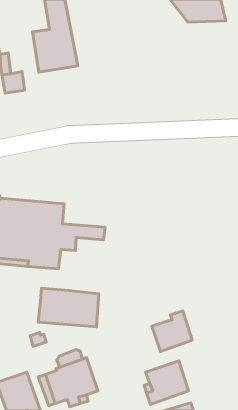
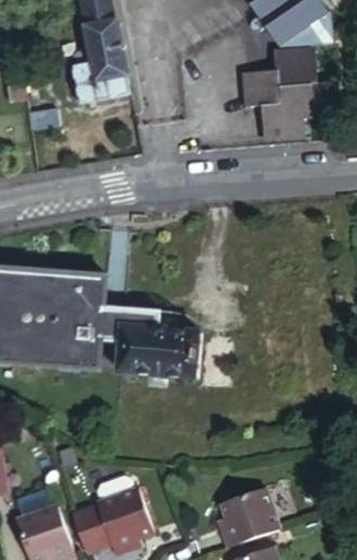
building: none -> [241,43,329,130]
building: [38,288,99,327] -> [119,324,201,376]
building: [152,311,192,351] -> none

